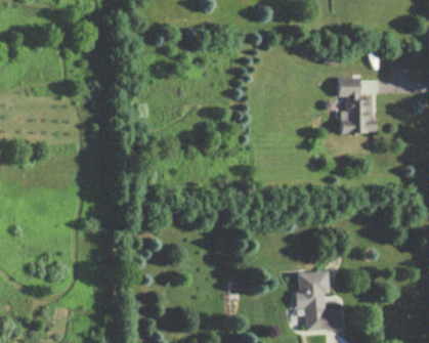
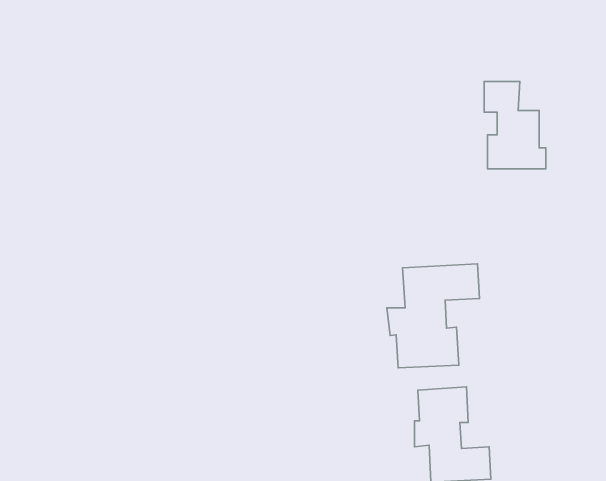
building: none -> [387,264,480,368]

